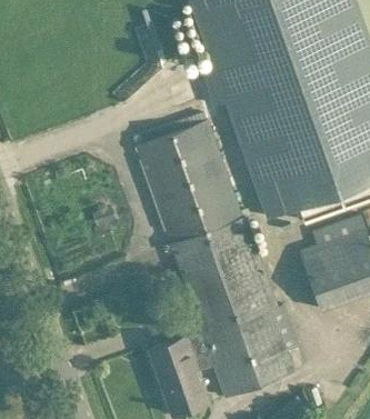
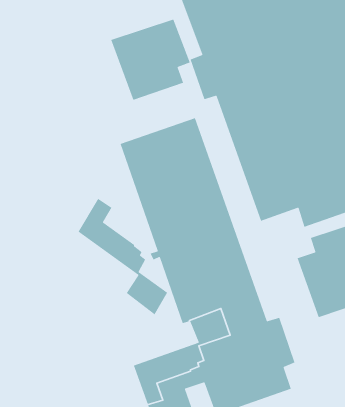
building: none -> [110,19,191,101]
building: none -> [78,198,168,315]

